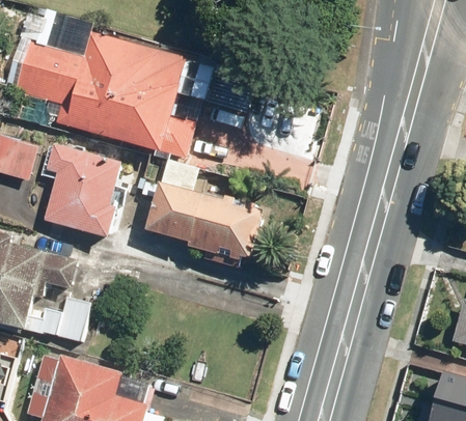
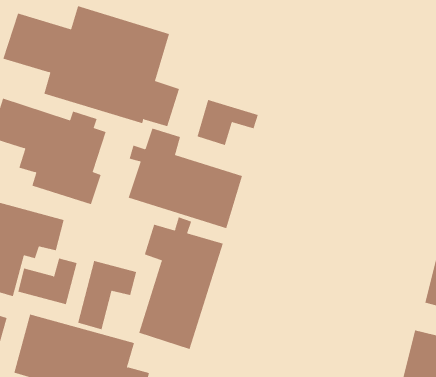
building: none -> [197,99,258,146]
building: none -> [139,217,223,350]
building: none -> [77,260,137,330]

